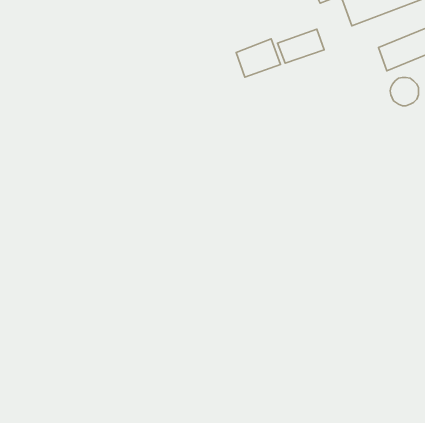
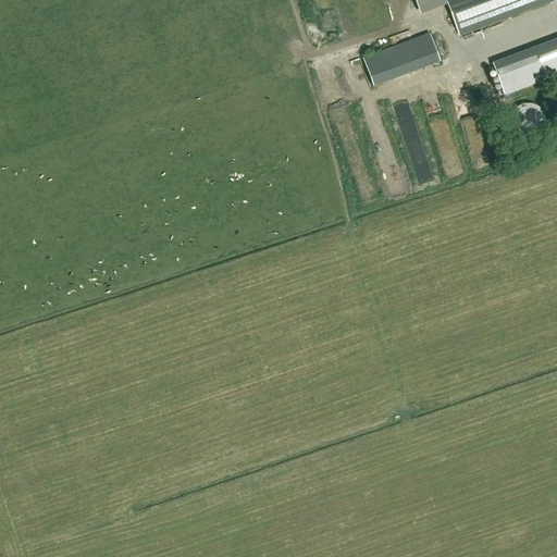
building: none -> [414,33,441,65]
building: [236,39,280,77] -> none

